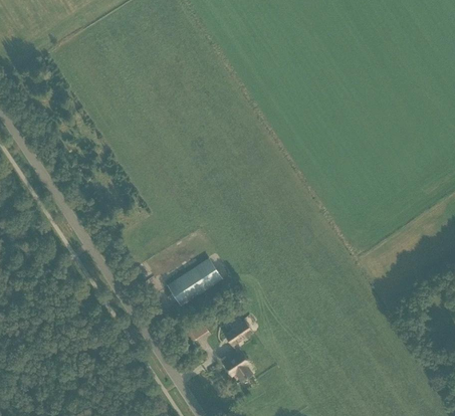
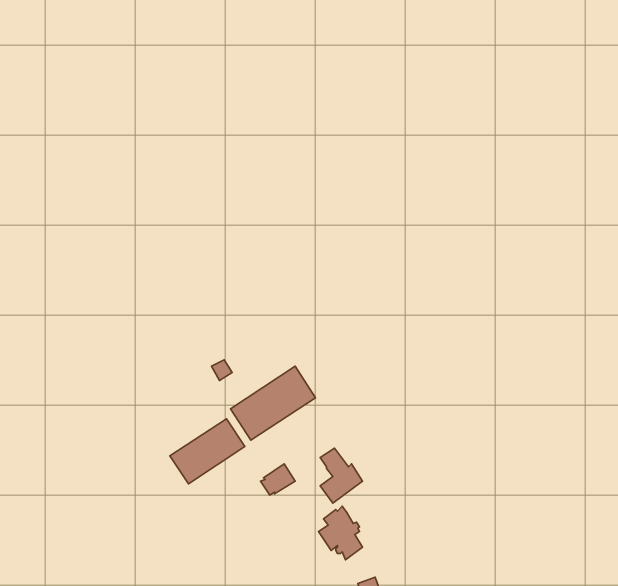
building: none -> [170,419,245,484]

